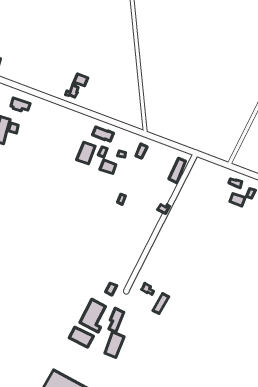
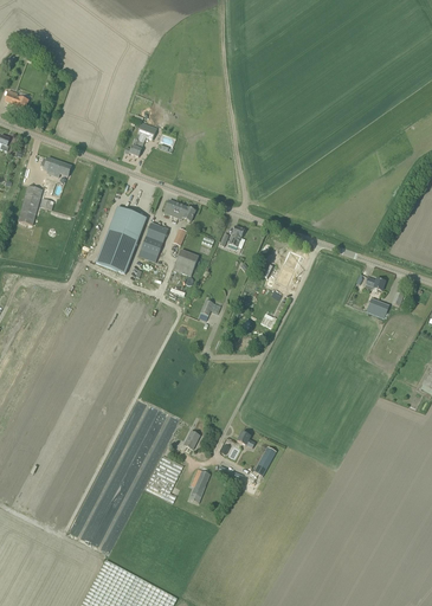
building: none -> [95,207,146,273]
building: [69,327,94,347] -> none
building: [105,332,124,358] -> none

